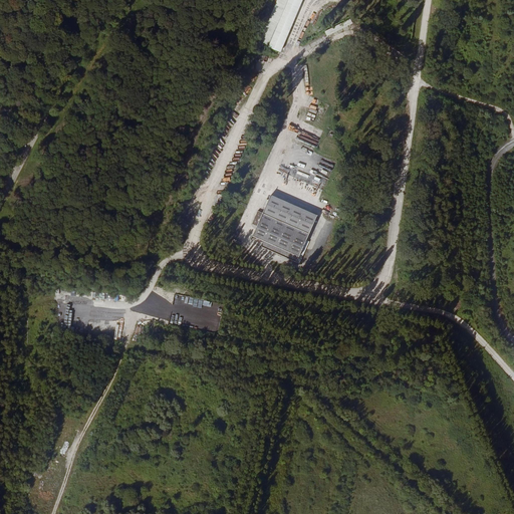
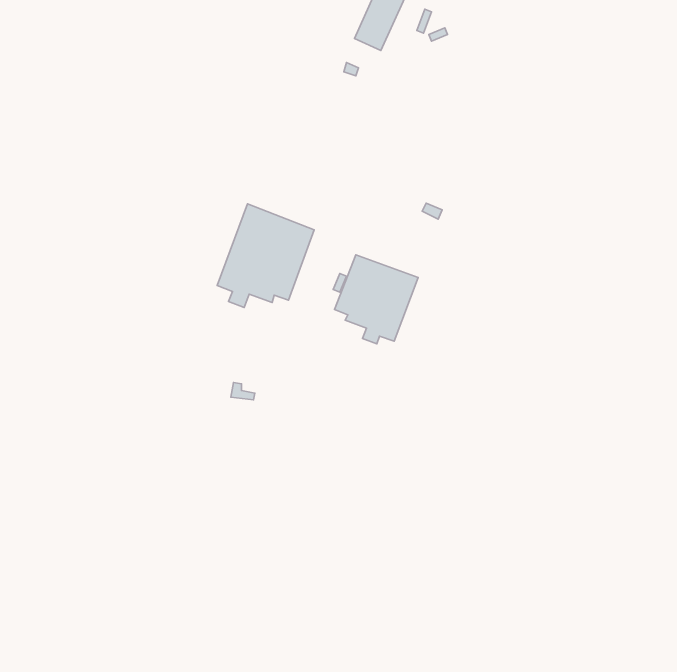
building: none -> [217,204,314,308]

